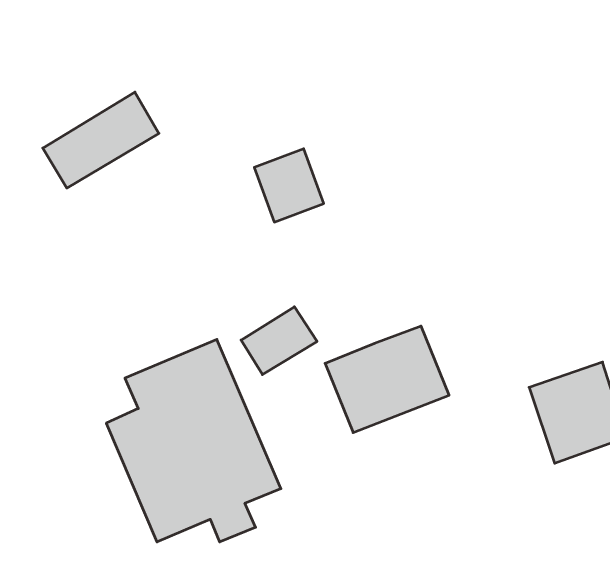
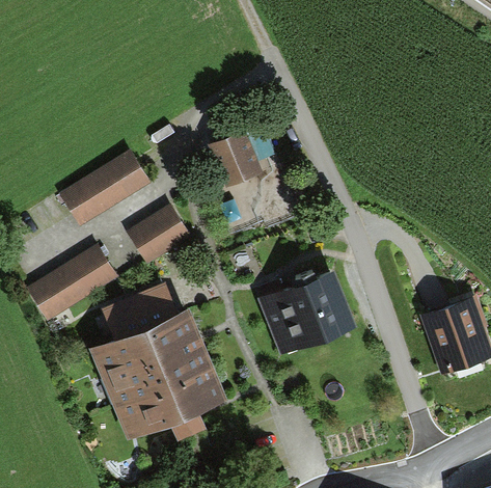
building: [43,92,159,188] -> [56,153,146,227]
building: none -> [25,248,115,327]
building: [241,307,317,375] -> [127,211,186,264]

